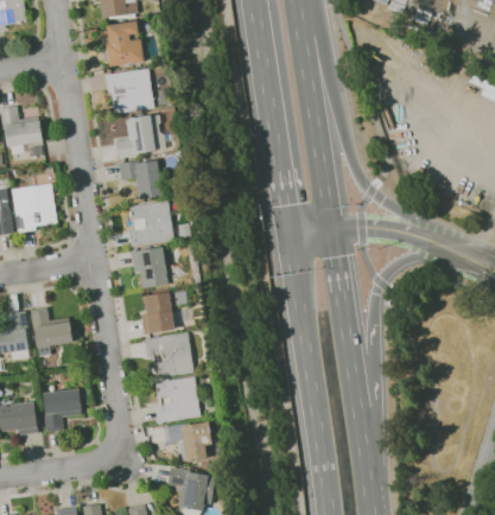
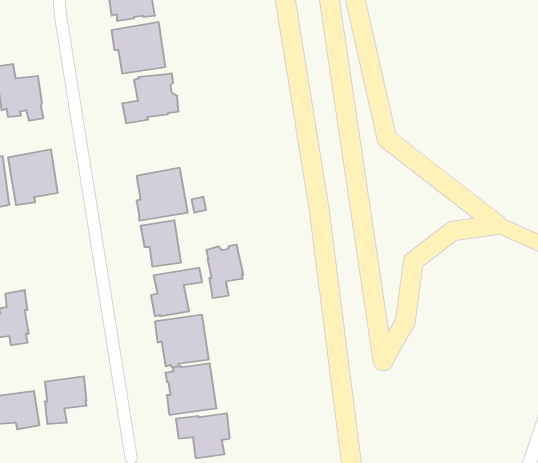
building: [118,160,170,199] -> none
building: none -> [207,244,243,298]
building: [30,307,71,356] -> none

